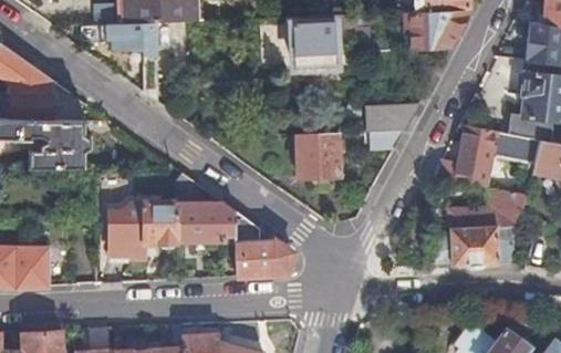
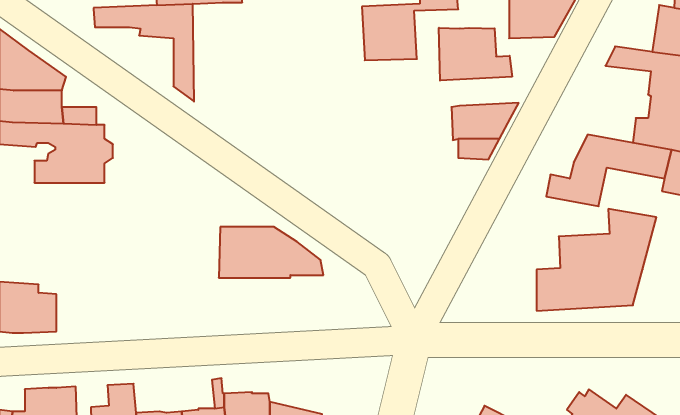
building: none -> [439,28,512,81]
building: [297,131,340,177] -> none
building: [107,172,194,257] -> none
building: [235,238,292,274] -> none

